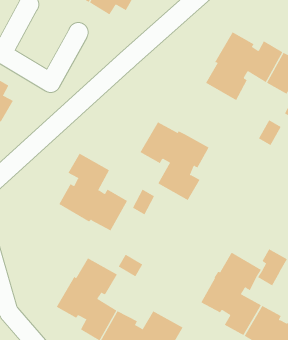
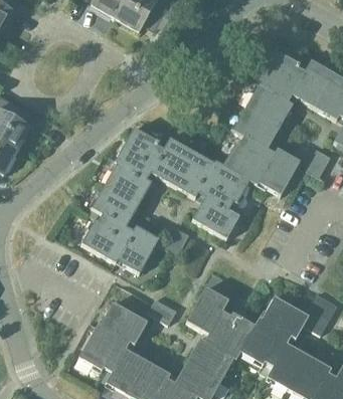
building: none -> [223,107,301,195]
building: none -> [105,127,192,204]
building: none -> [186,286,255,380]

